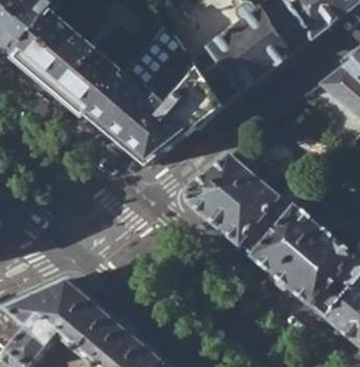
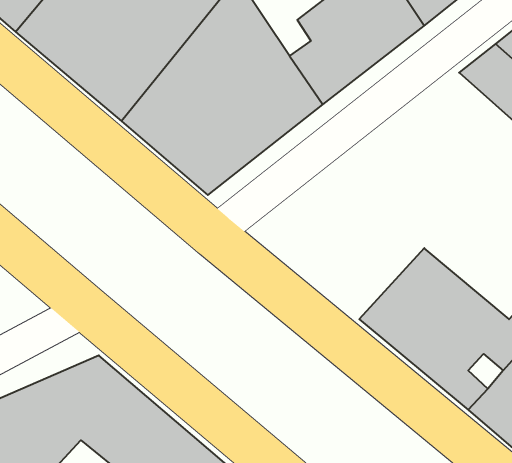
building: [184,152,297,254] -> none

